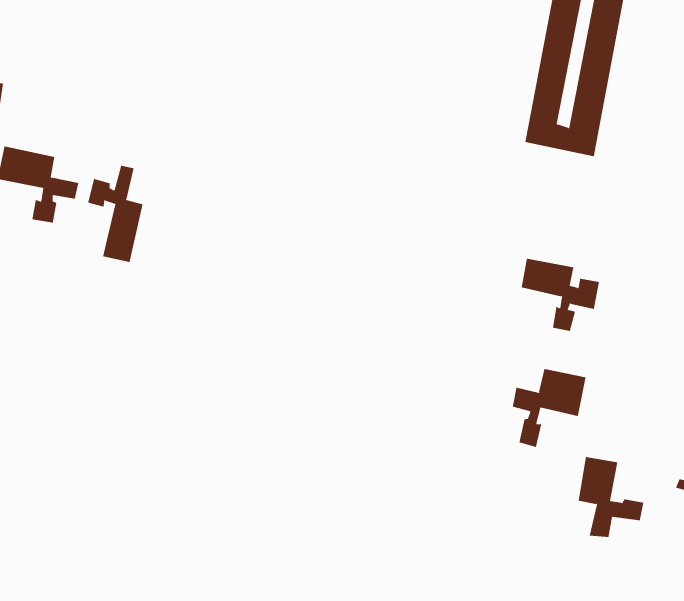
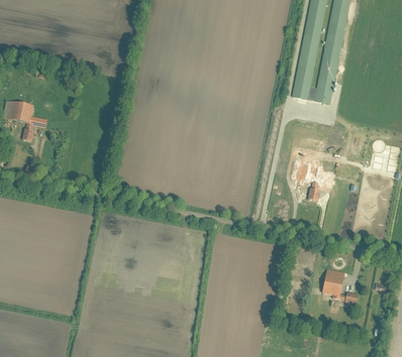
building: [87,165,143,263] -> none
building: [512,368,586,448] -> none

